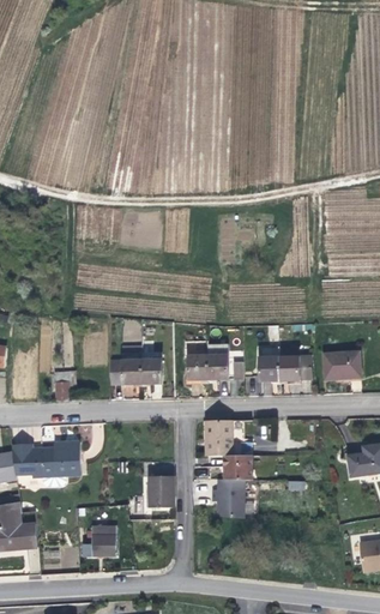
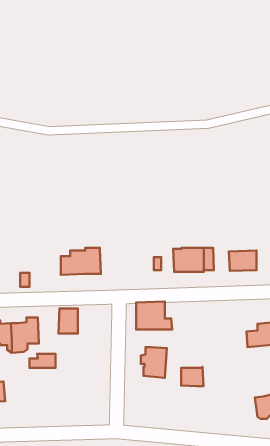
building: [186,343,224,379] -> none
building: [225,453,254,478] -> [181,367,204,386]
building: [149,474,174,506] -> [58,308,78,333]
building: [82,535,115,553] -> [30,354,56,368]

